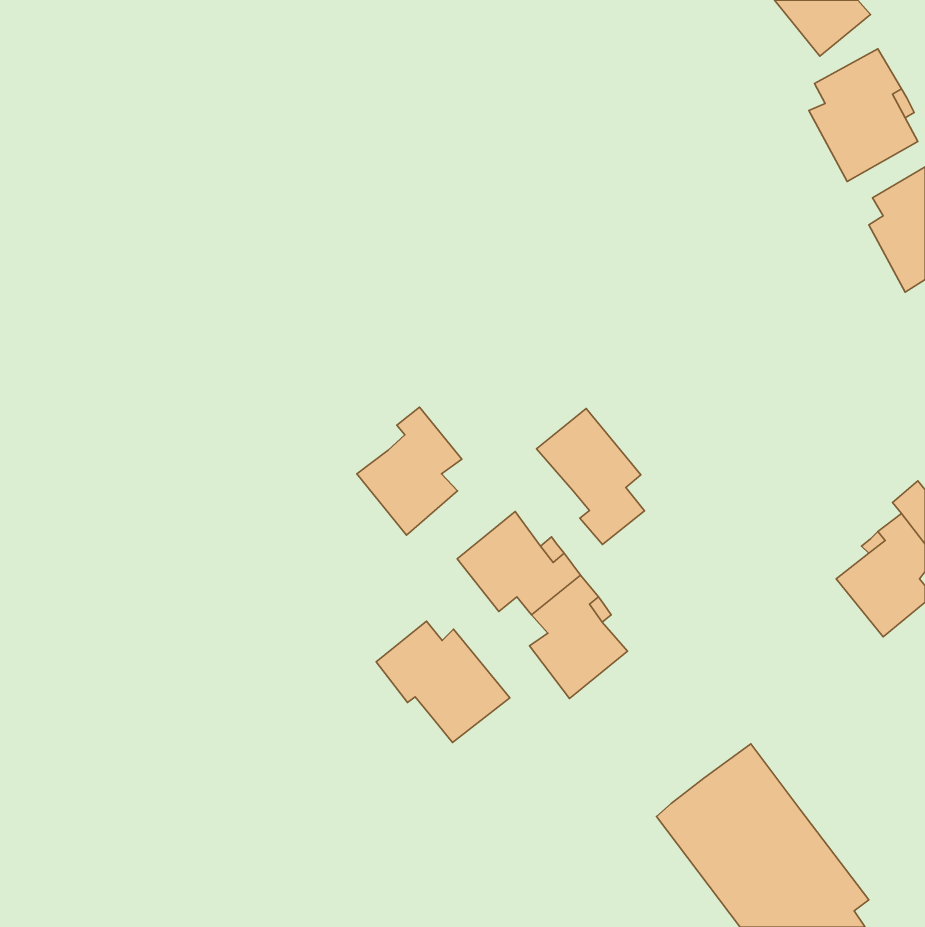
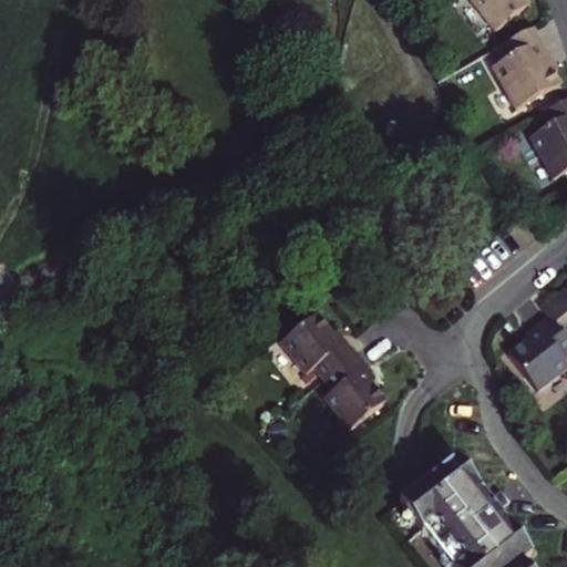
building: [357,407,462,535] -> none
building: [536,408,645,545] -> none
building: [376,621,510,743] -> none

